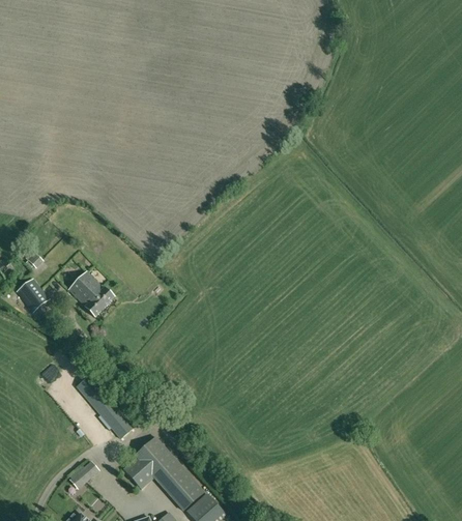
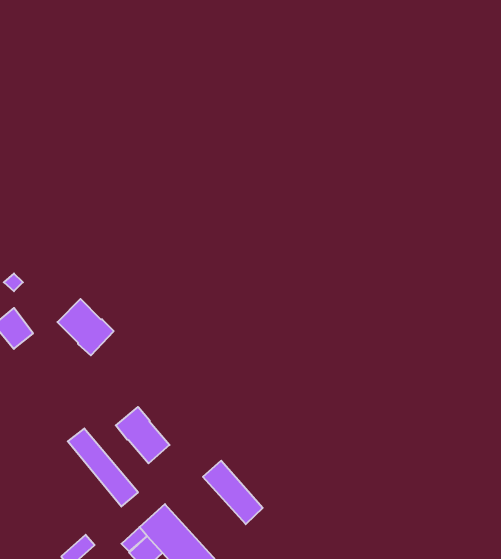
building: none -> [116,407,170,463]
building: none -> [203,461,263,524]

